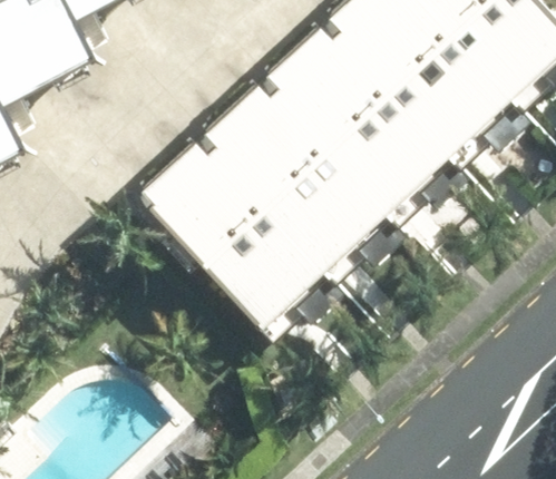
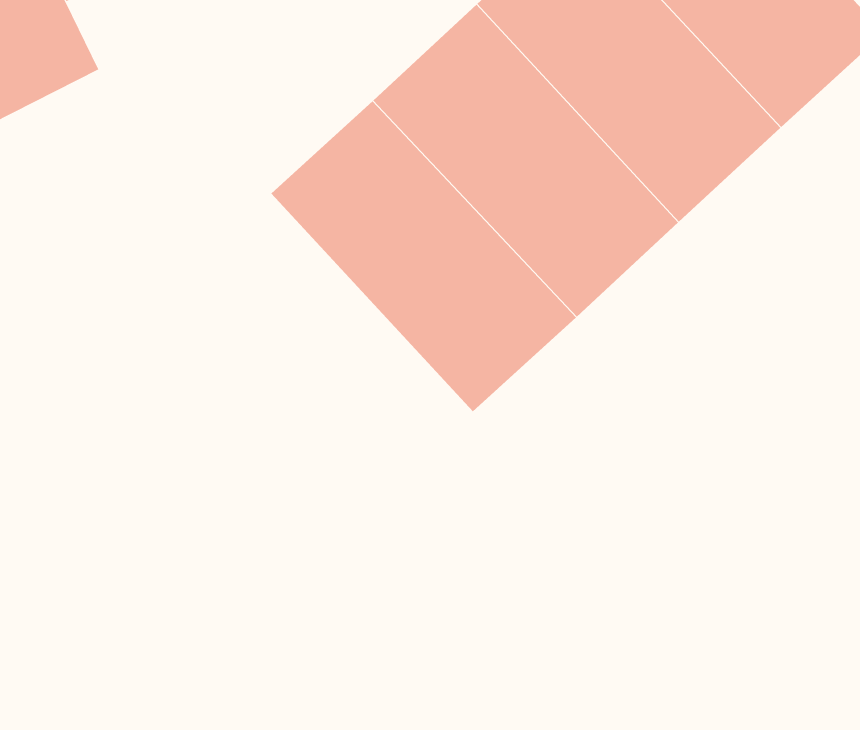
building: [125,145,311,336] -> none

